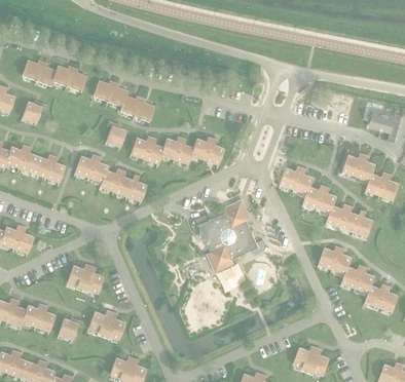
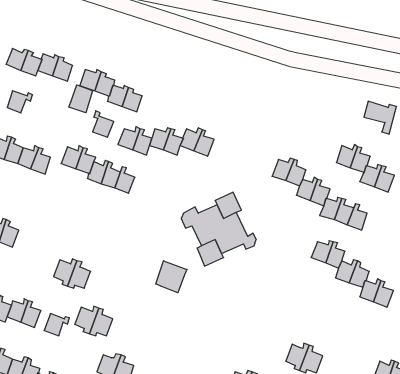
building: none -> [69,85,93,113]
building: none -> [156,261,187,293]

